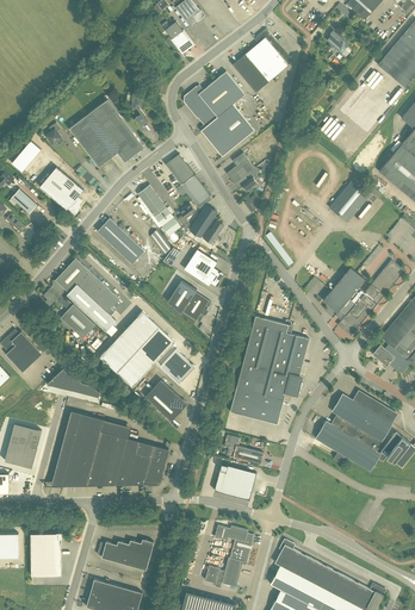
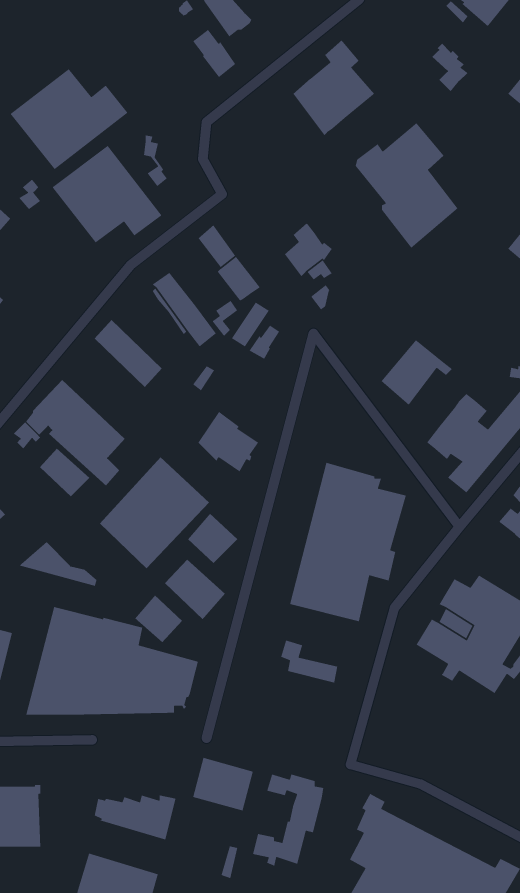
building: none -> [9,68,128,170]
building: [184,71,254,157] -> [355,122,459,249]
building: [39,167,83,216] -> none
building: [329,179,378,224] -> [381,339,453,406]
building: [187,250,222,287] -> none
building: none -> [134,594,183,643]
building: [215,463,256,500] -> [192,757,254,812]

